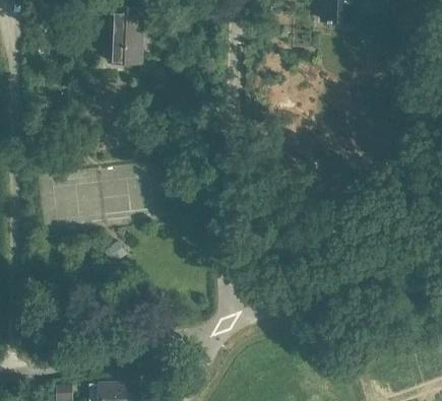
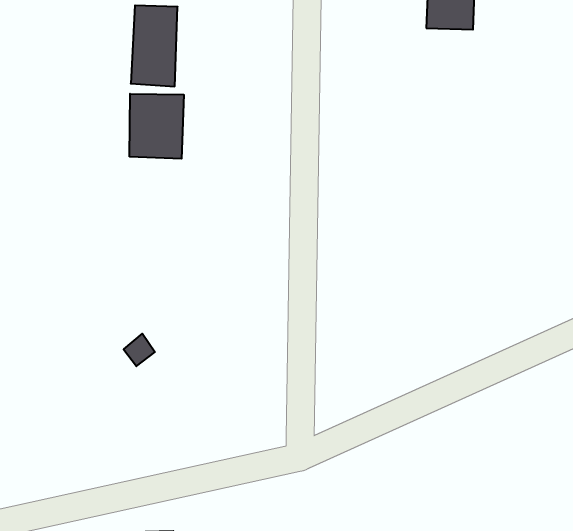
building: none -> [130,94,184,159]

